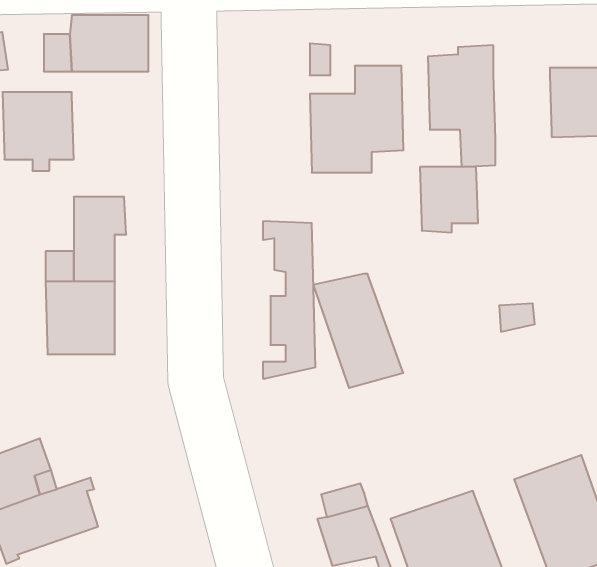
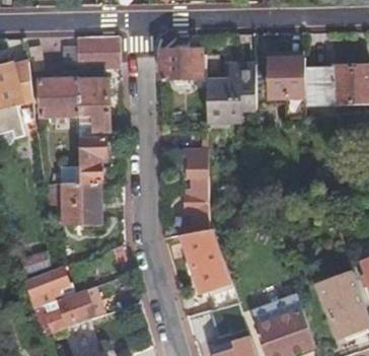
building: none -> [157,49,199,76]
building: none -> [76,79,107,130]
building: [420,167,478,232] -> [304,69,336,104]
building: [313,274,403,388] -> [180,227,229,289]

